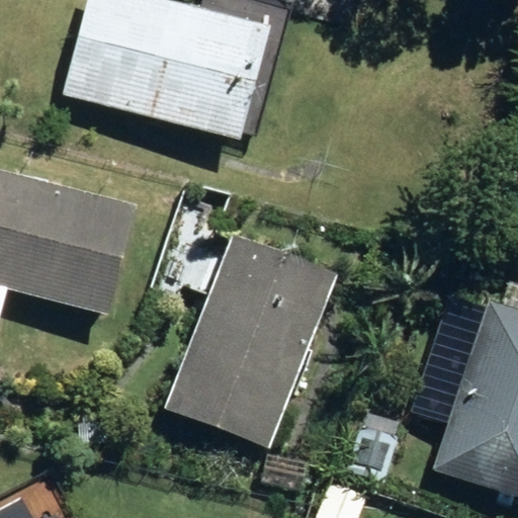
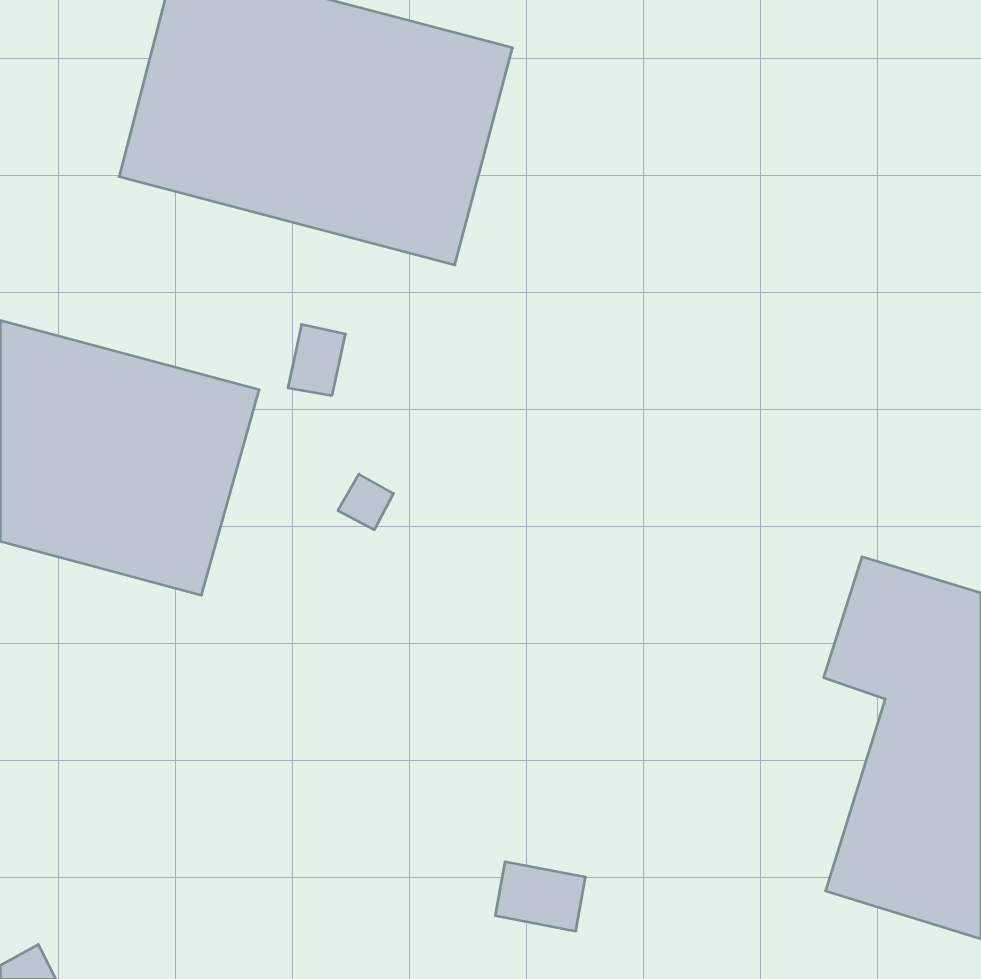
building: [165,237,337,448] -> none

